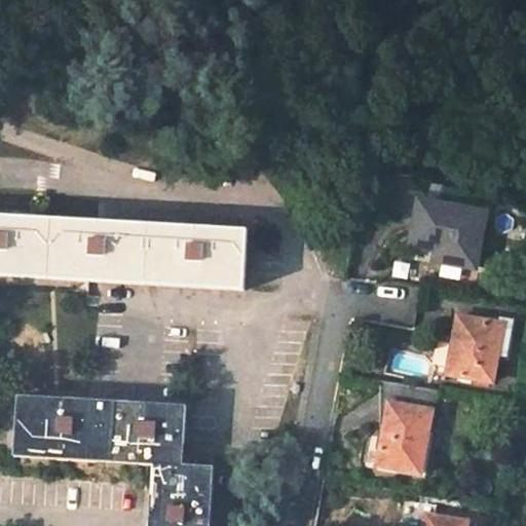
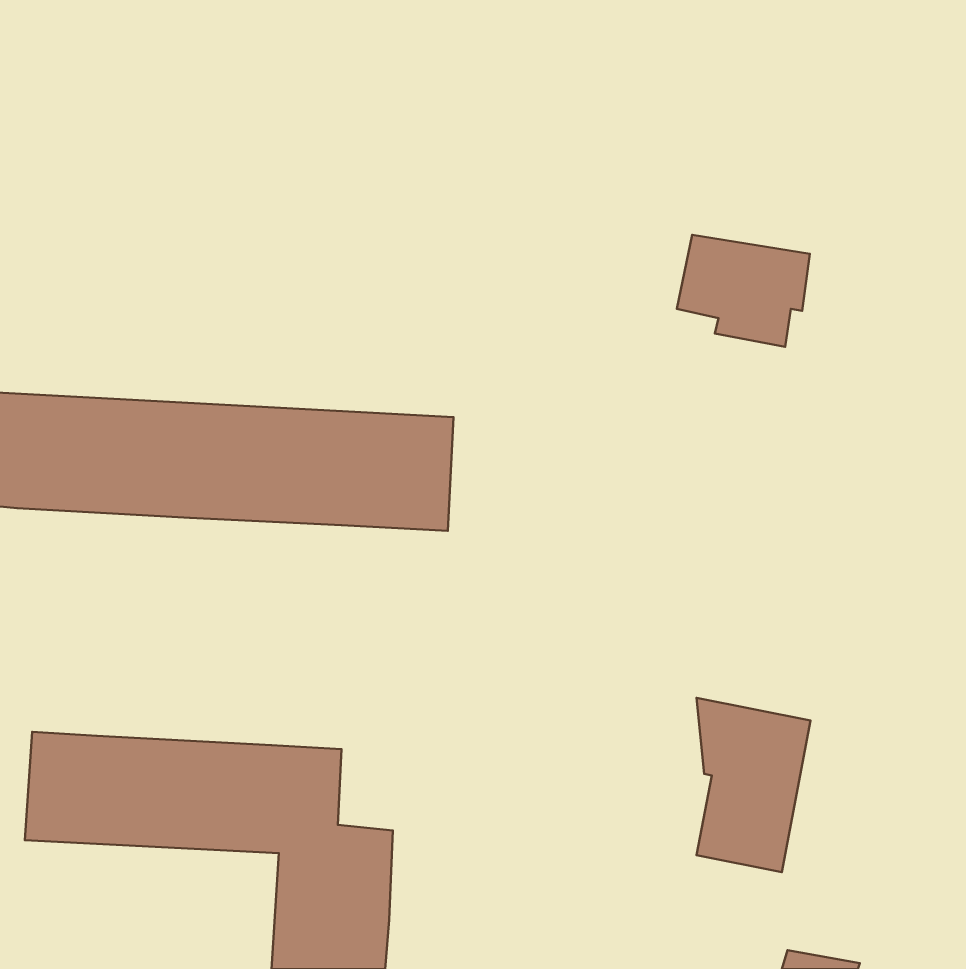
building: [409,205,481,266] -> [677,235,810,347]
building: [446,312,512,383] -> none

